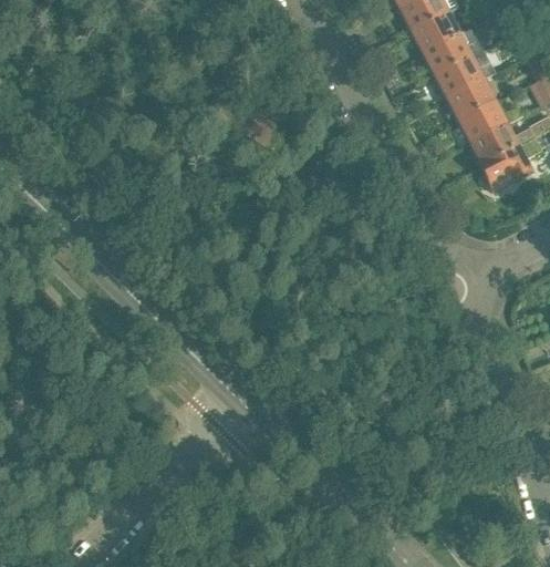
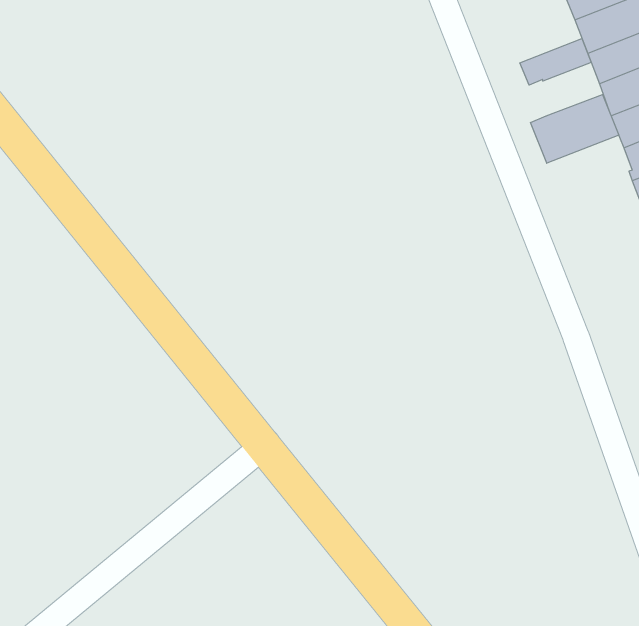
building: none -> [520,39,591,85]
building: none -> [531,95,619,163]

